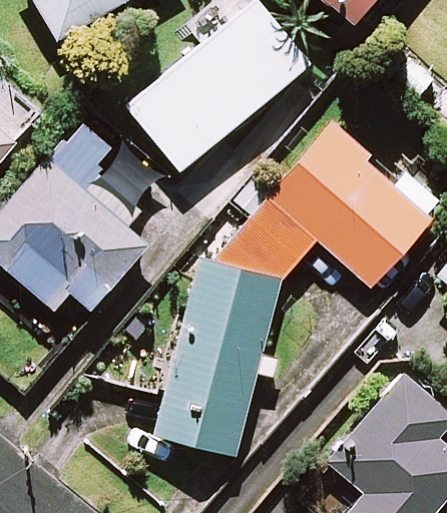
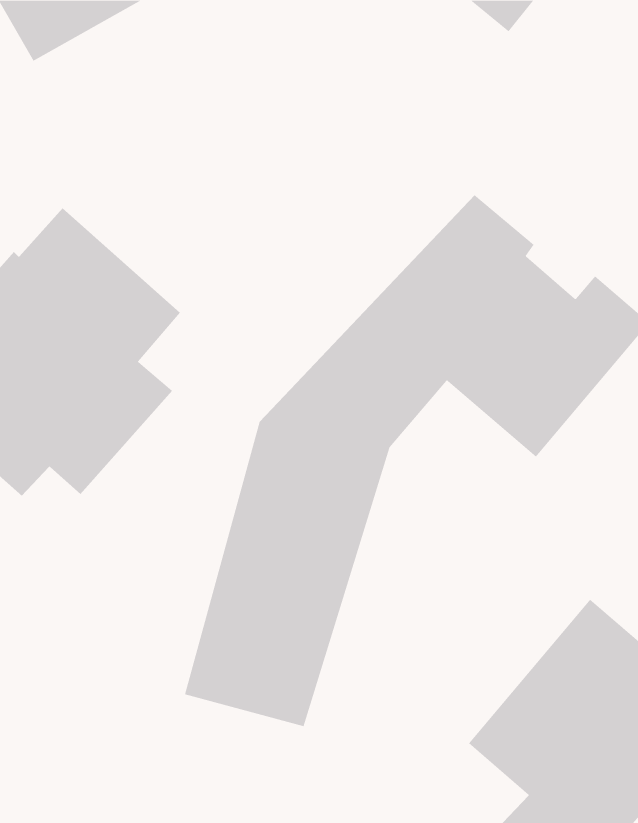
building: [128,9,311,176] -> none

